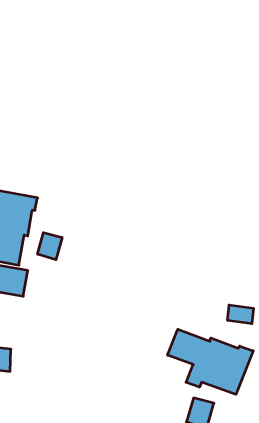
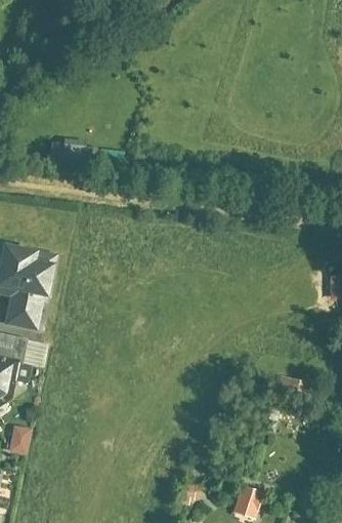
building: [38,233,62,260] -> none
building: [168,329,253,394] -> none

